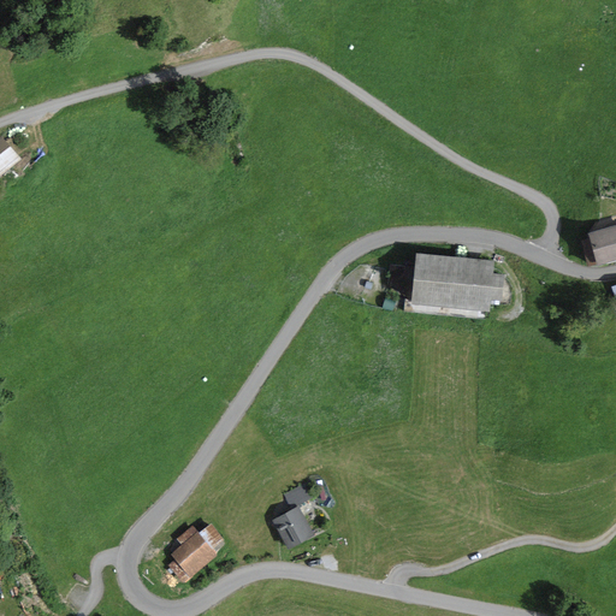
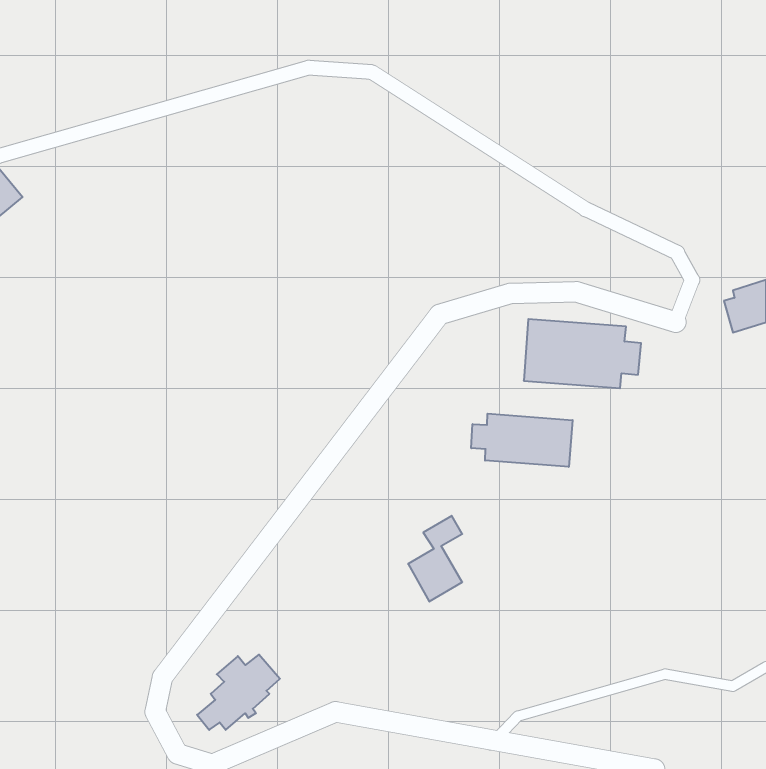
building: none -> [471,414,573,467]
building: [270,481,313,550] -> [408,516,462,602]

